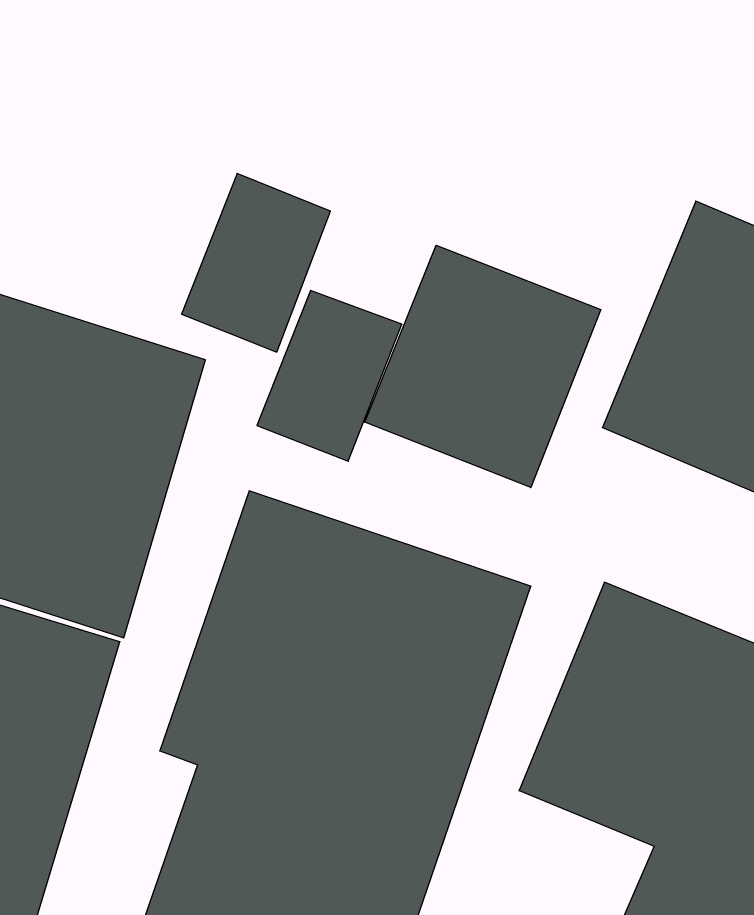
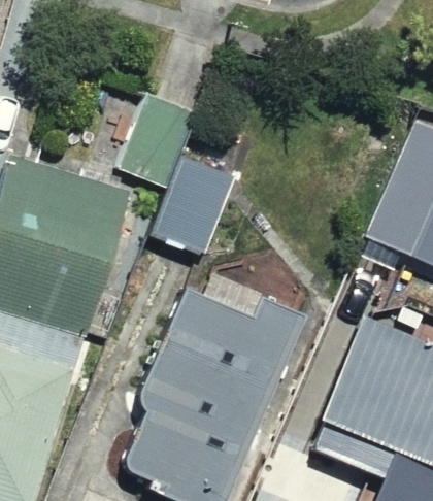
building: [365,245,601,488] -> none

